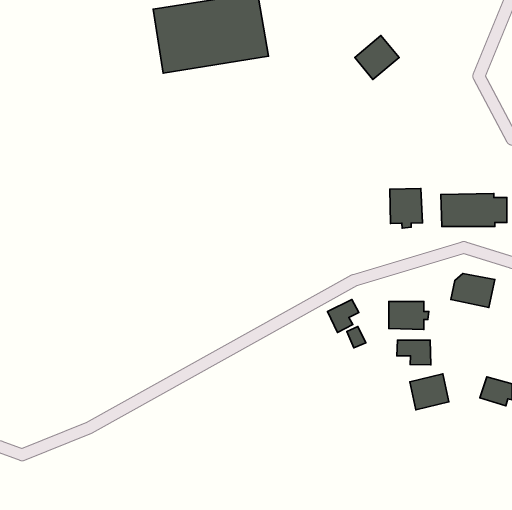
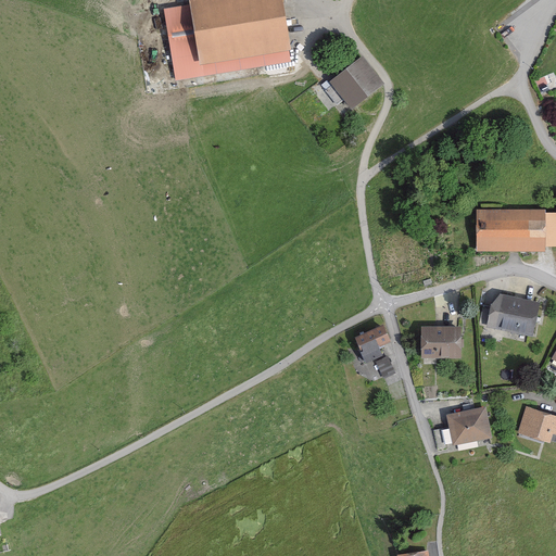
building: [355,35,399,80] -> [332,56,380,104]
building: [390,189,423,228] -> none
building: [397,340,431,365] -> none

